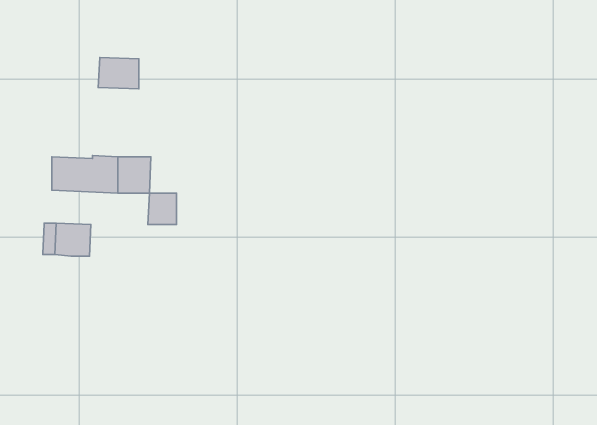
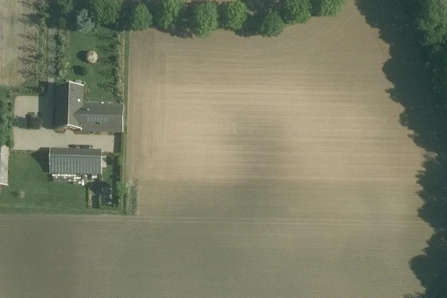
building: [98,57,139,89] -> [55,86,82,107]
building: [148,193,177,225] -> [80,151,99,172]

